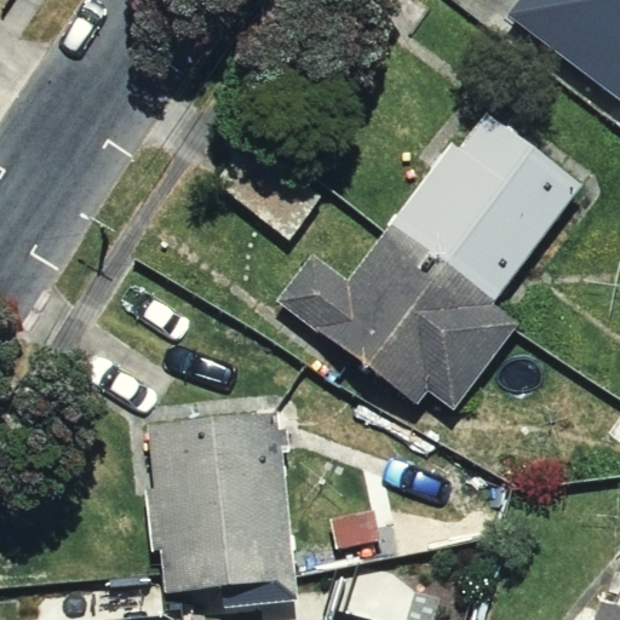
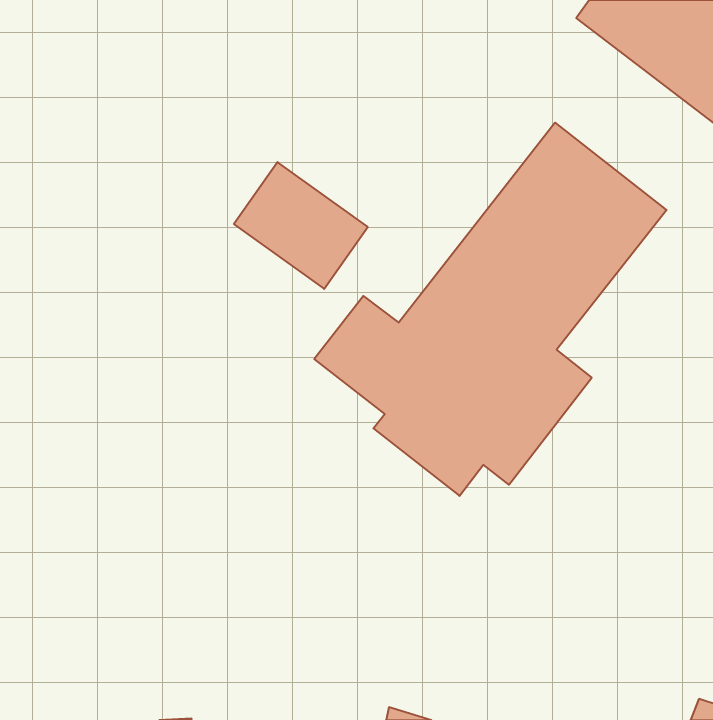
building: [150,408,308,609] -> none

